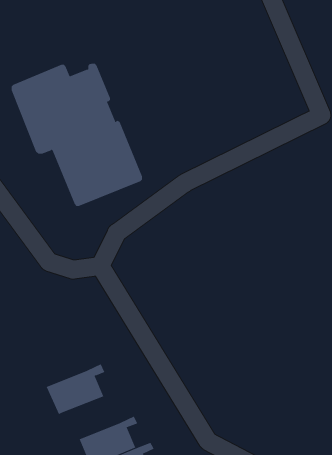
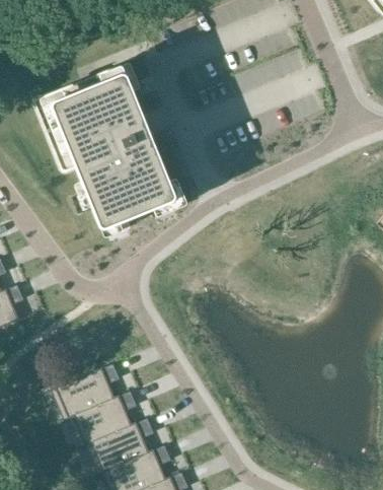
building: none -> [58,363,120,418]
building: none -> [92,418,154,472]

